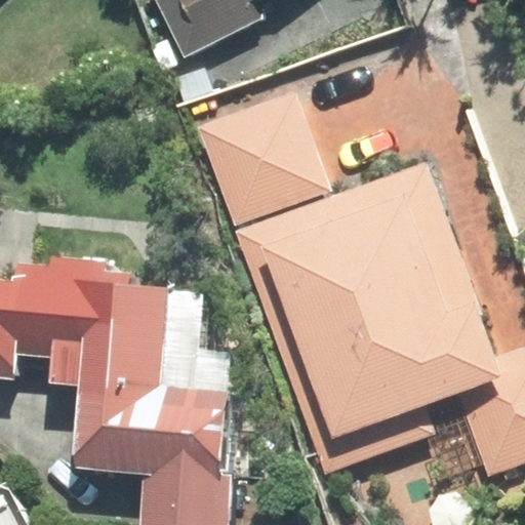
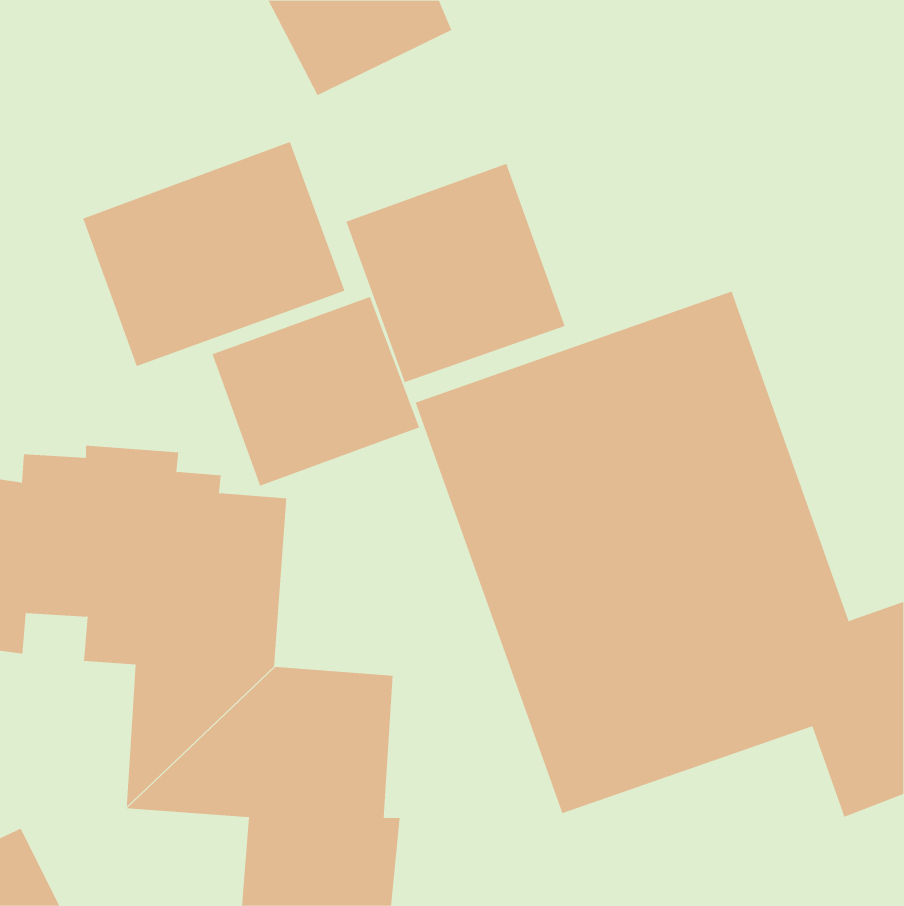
building: none -> [83,141,345,367]
building: none -> [212,296,420,486]

